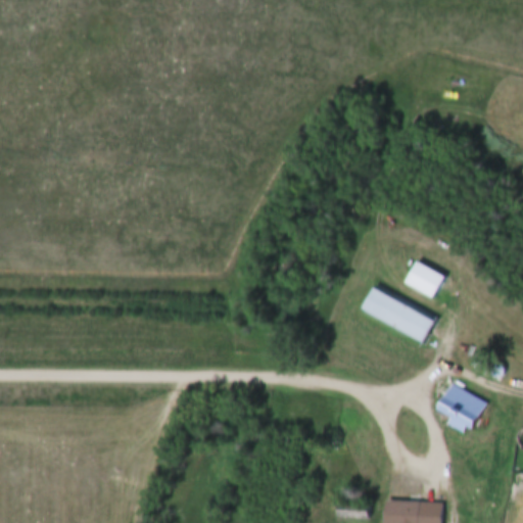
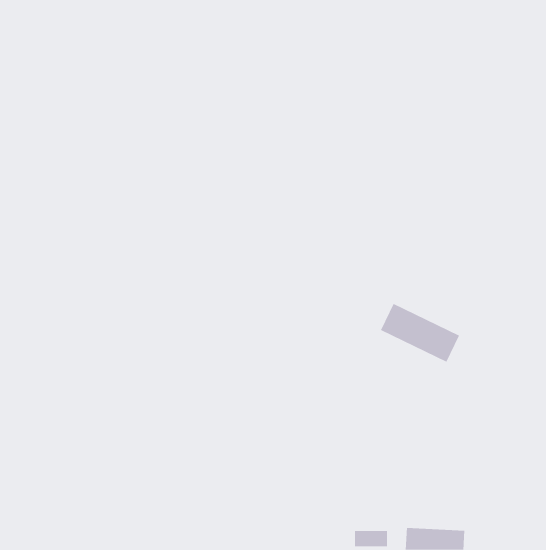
building: [405,262,444,298] -> none
building: [436,383,485,435] -> none

